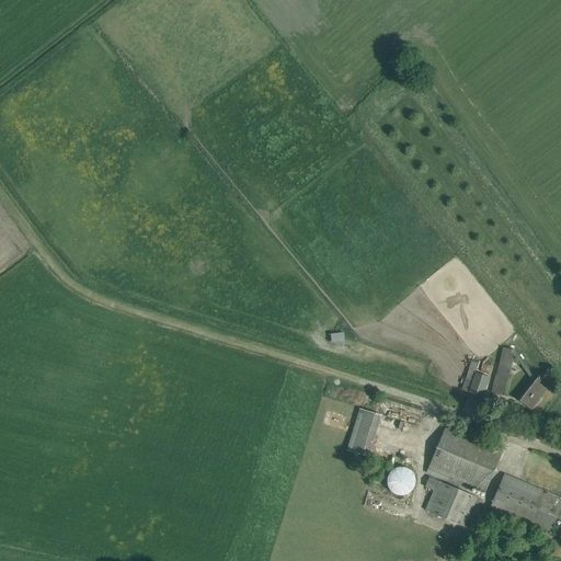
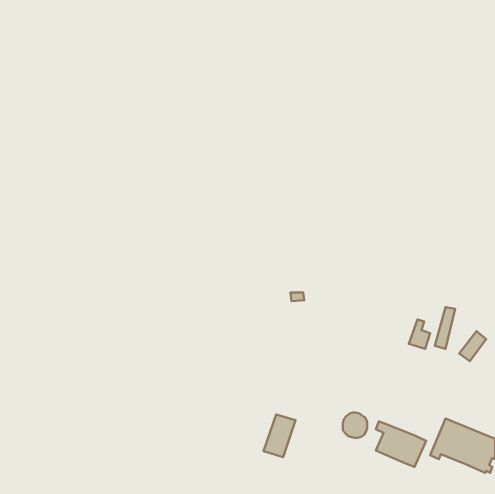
building: [344,407,380,455] -> [264,414,296,457]
building: [426,426,502,492] -> none

